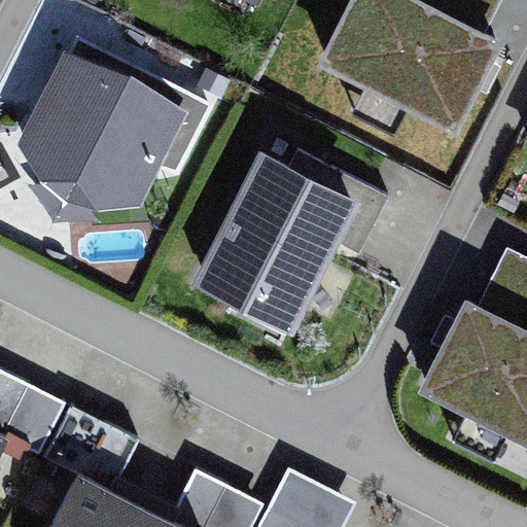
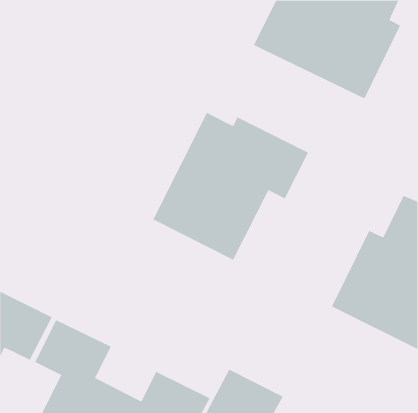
building: [16,38,214,209] -> none

